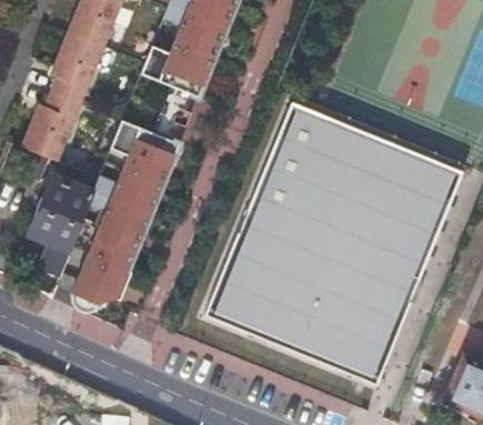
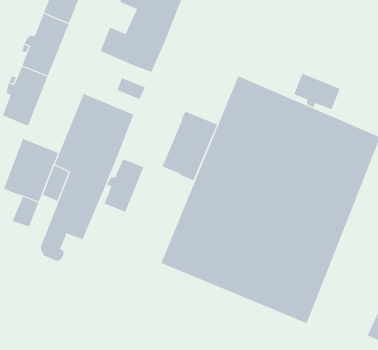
building: none -> [294,73,340,110]
building: none -> [162,111,218,181]
building: none -> [104,158,144,212]

